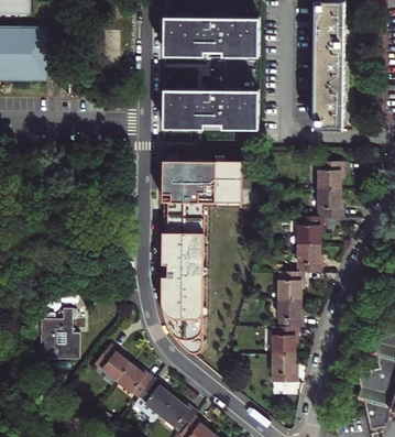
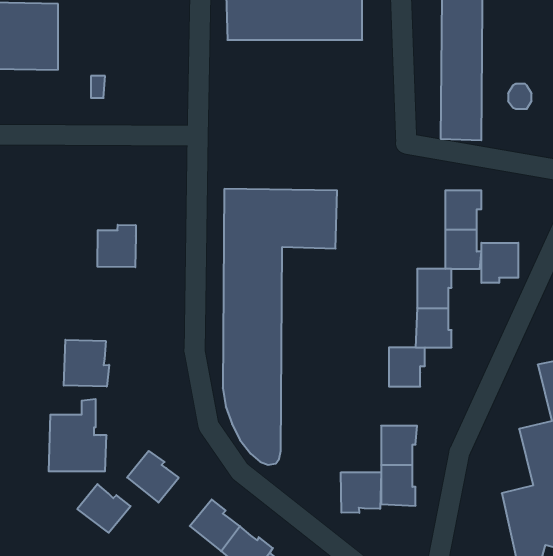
building: [164,90,260,130] -> none
building: none -> [97,225,136,267]
building: none -> [481,243,518,283]
building: none -> [64,340,109,387]
building: [278,301,304,328] -> none
building: none -> [341,472,381,513]
building: [117,364,154,398] -> [77,484,131,533]

